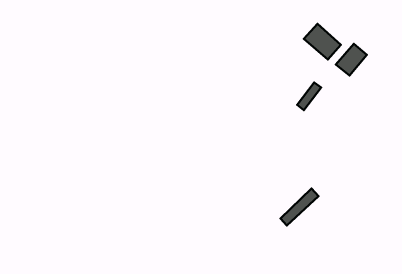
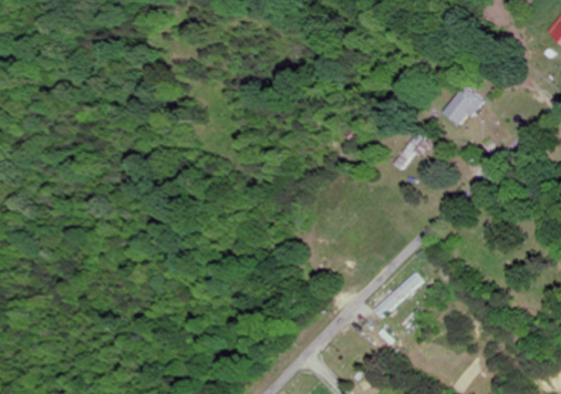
building: [304,24,341,60] -> none

